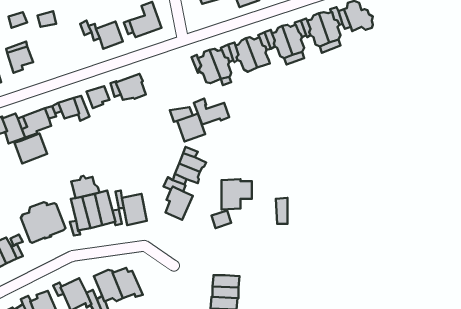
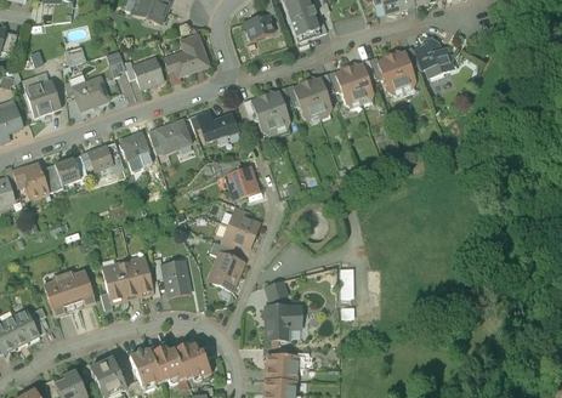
building: none -> [73,78,108,112]
building: [194,99,229,125] -> [197,109,238,140]
building: [14,133,47,163] -> none
building: [71,176,99,198] -> none
building: [222,179,252,209] -> [267,303,302,339]
building: none -> [174,342,212,379]

